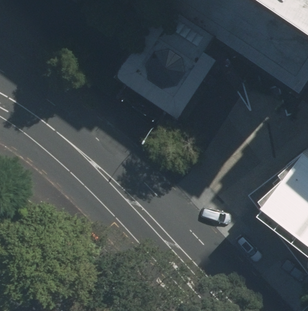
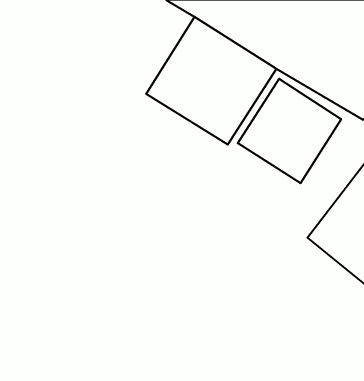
building: none -> [238,79,341,183]

